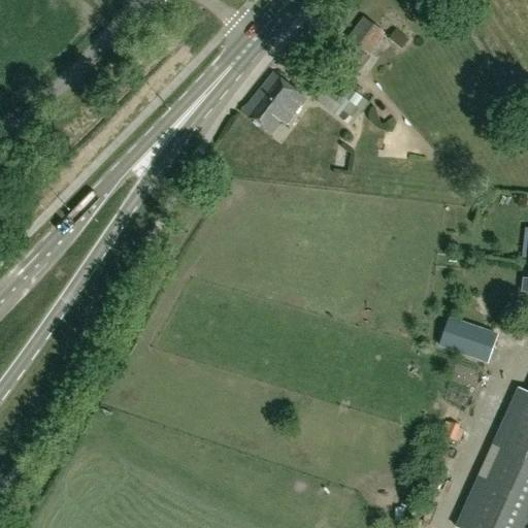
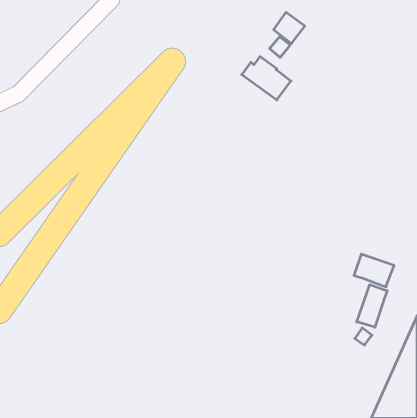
building: [239,72,303,134] -> none
building: none -> [357,285,387,327]

